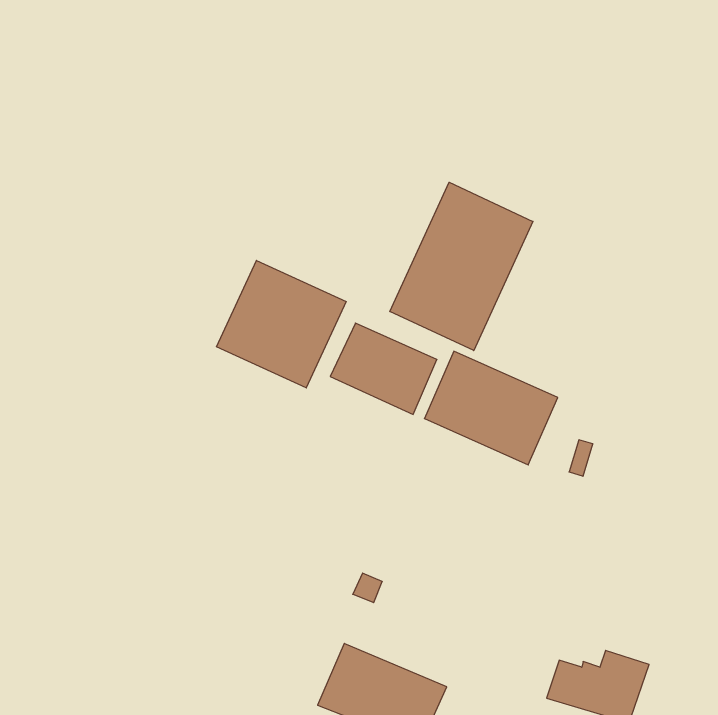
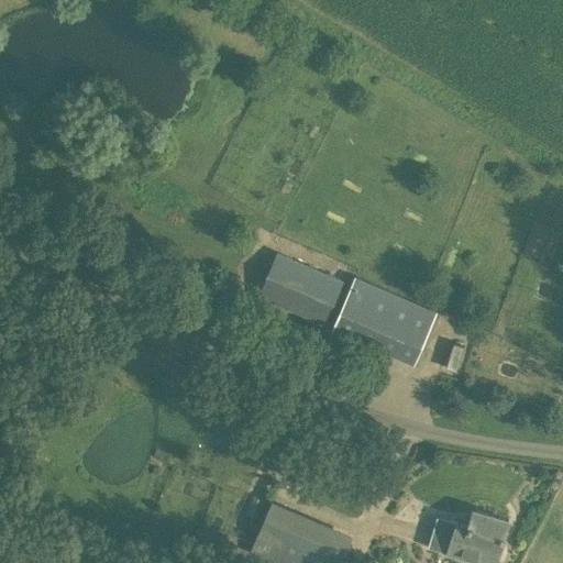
building: [390,182,533,351] -> none
building: [216,260,346,388] -> none

